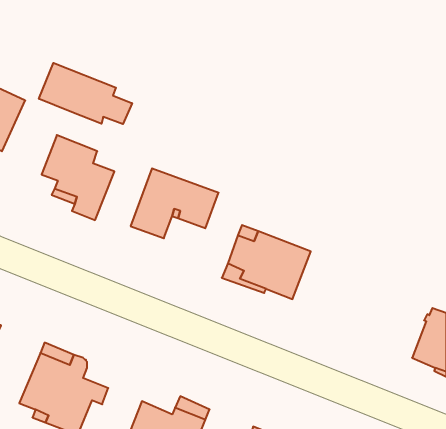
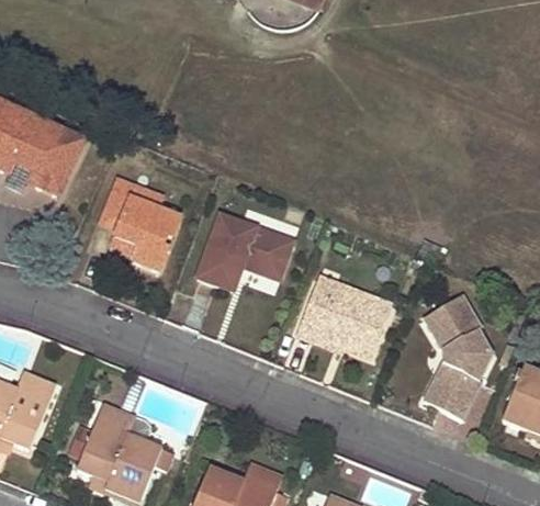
building: [39,63,132,124] -> none
building: none -> [423,293,492,418]

